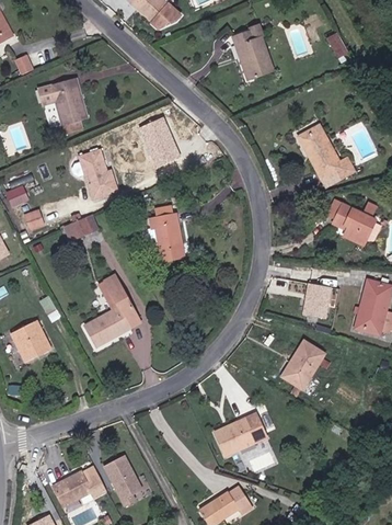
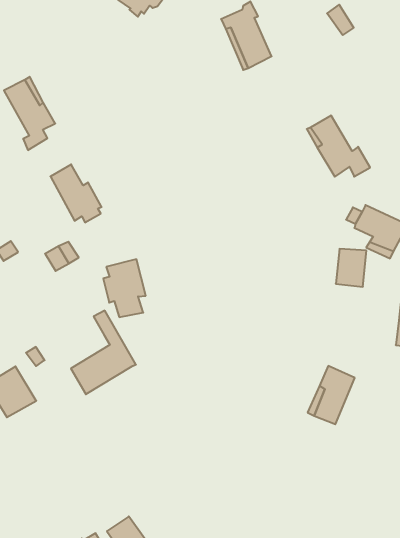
building: [134,115,182,167] -> none
building: [150,210,185,259] -> [103,259,146,317]
building: [301,283,330,317] -> [336,249,366,287]
building: [211,408,260,463] -> none

